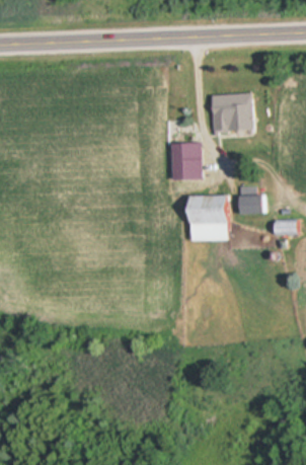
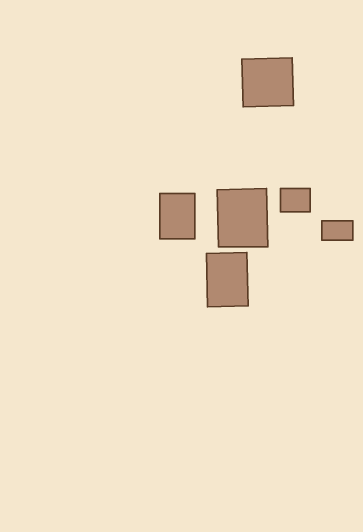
building: [171,143,199,178] -> [160,194,195,239]
building: none -> [206,253,248,307]

